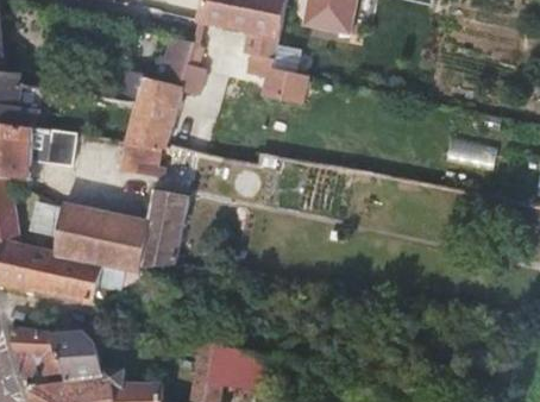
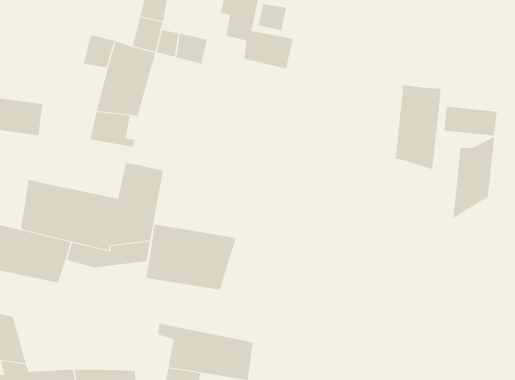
building: none -> [395,84,441,170]
building: none -> [453,136,495,219]
building: none -> [145,224,237,290]
building: [49,329,123,383] -> none

